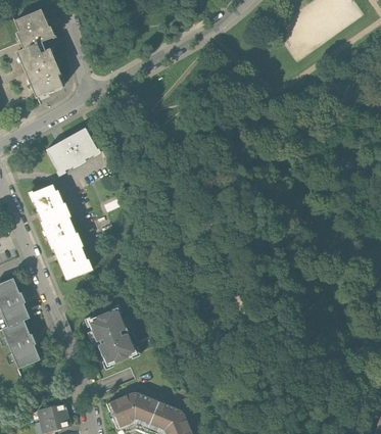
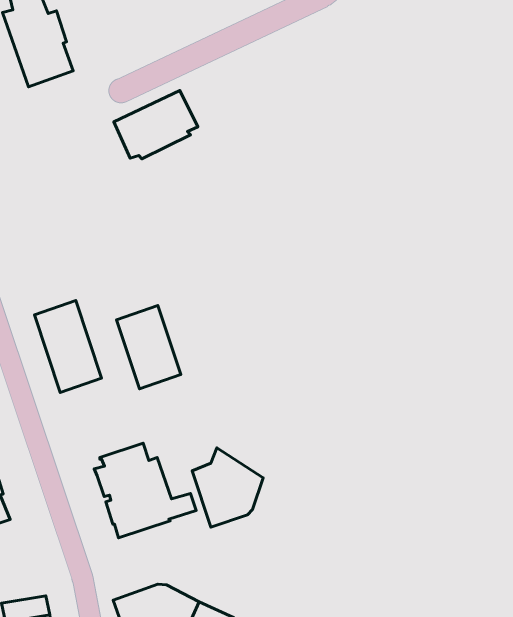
building: [46,128,97,171] -> [114,90,198,159]
building: [31,183,72,234] -> [117,305,181,389]
building: none -> [192,448,263,527]

